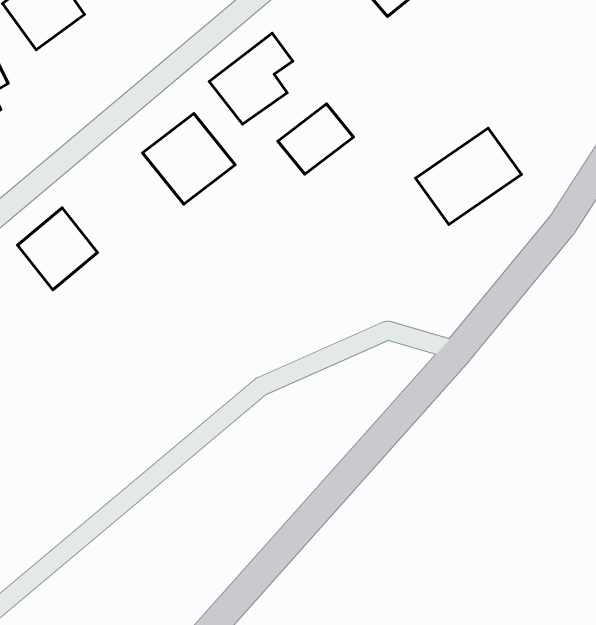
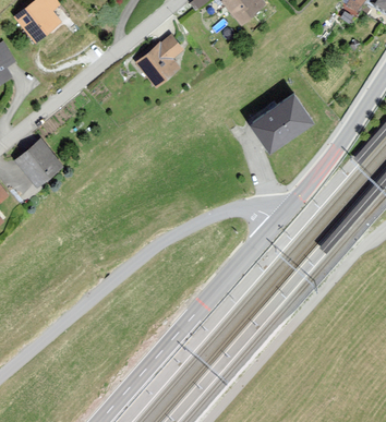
building: [278,104,354,174] -> none
building: [142,114,235,204] -> none

